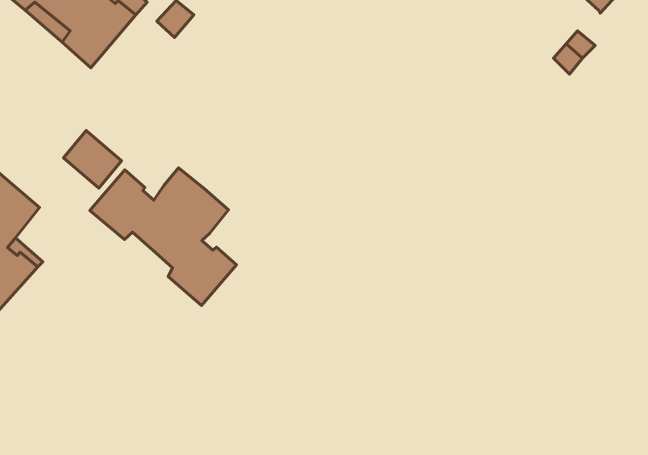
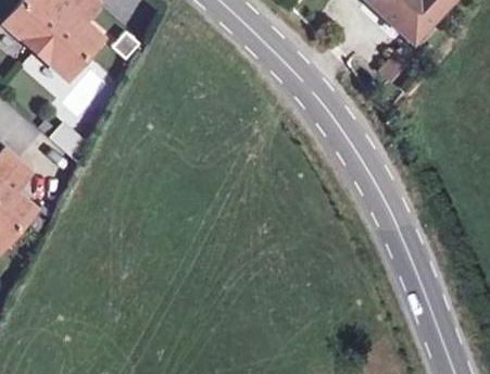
building: [90,168,237,306] -> none

